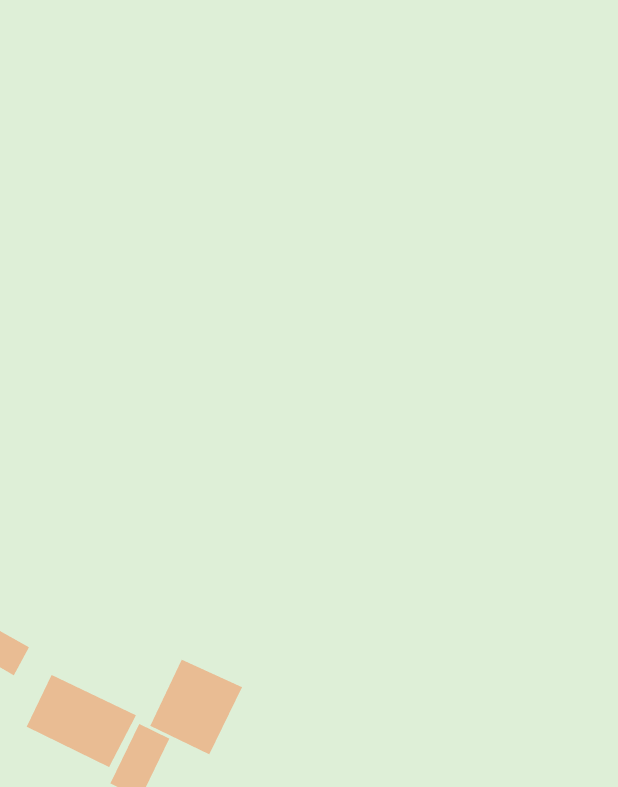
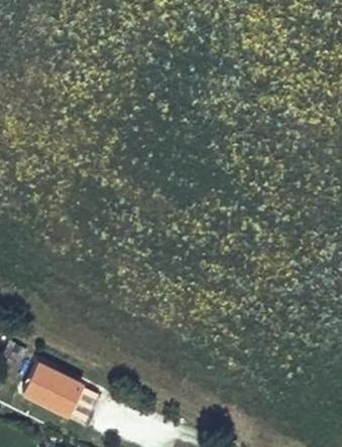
building: [149,659,243,755] -> none

